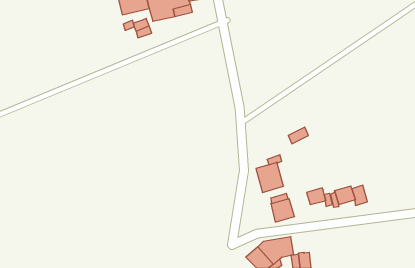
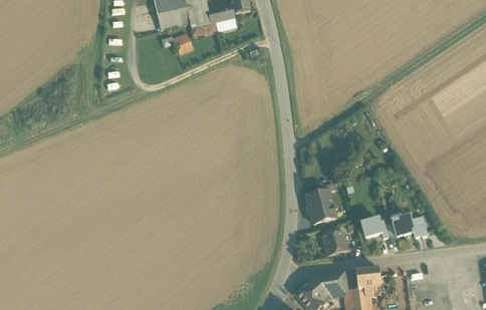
building: none -> [356,267,381,289]

